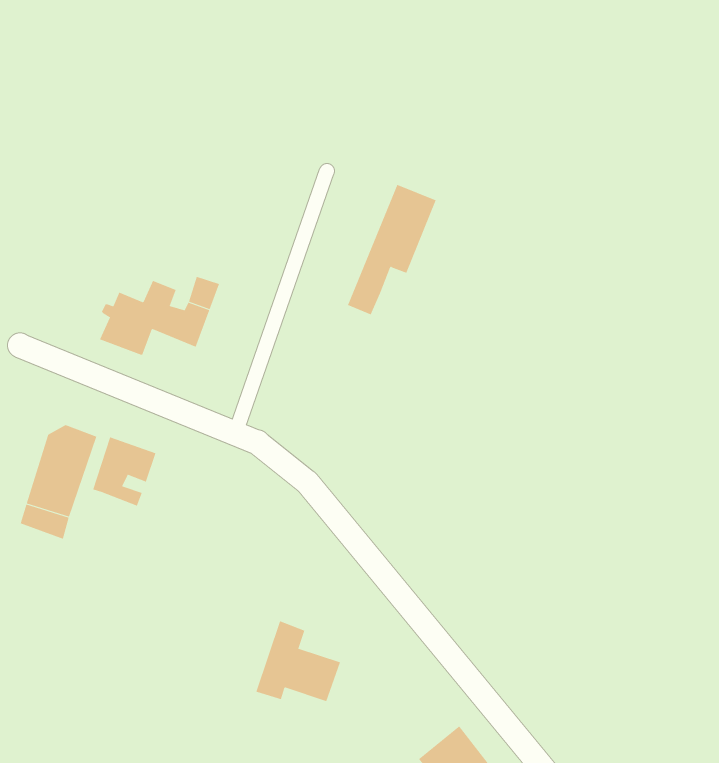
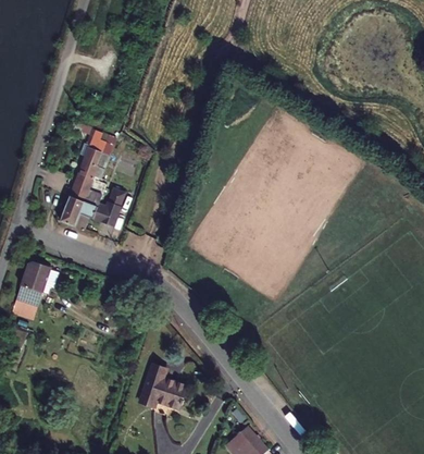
building: [347,184,436,315] -> [66,126,115,198]
building: [93,437,156,506] -> none

